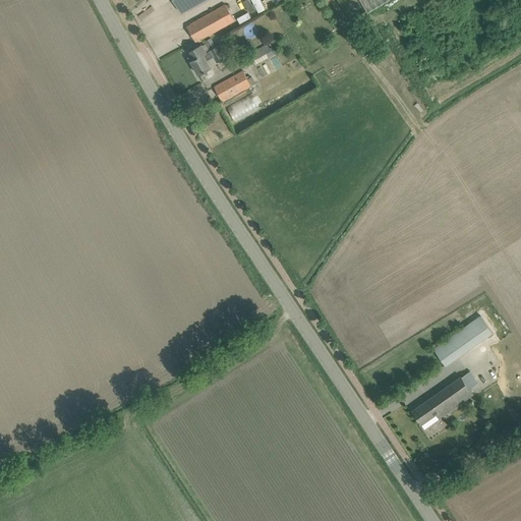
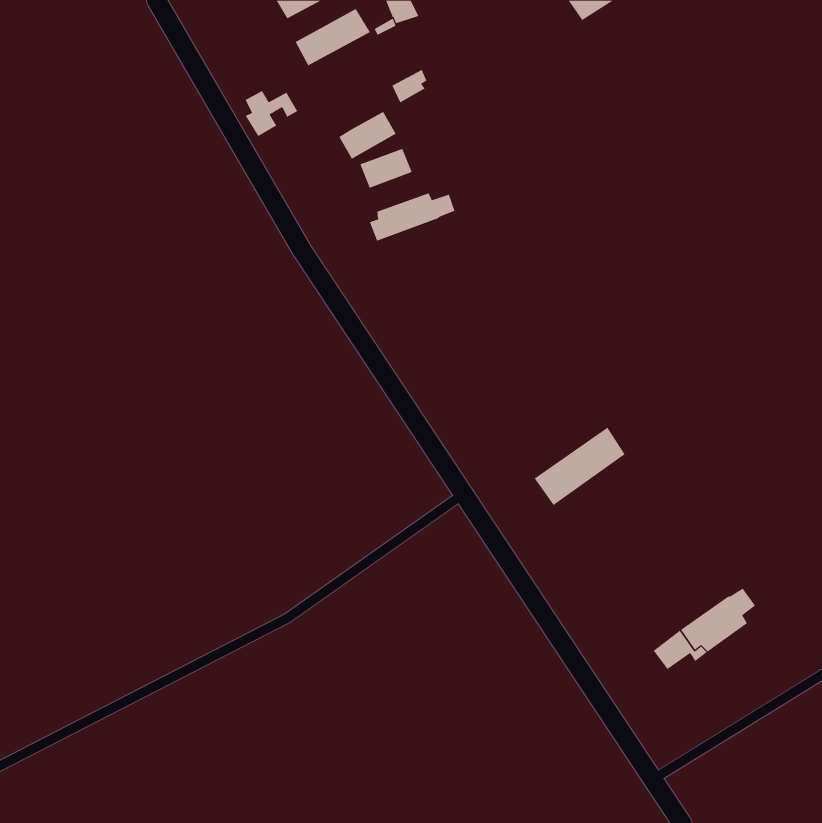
building: [190,45,224,74] -> [245,90,298,137]
building: none -> [369,193,455,242]
building: [433,315,491,365] -> [534,427,626,506]

